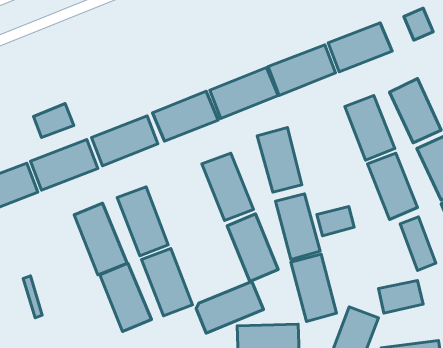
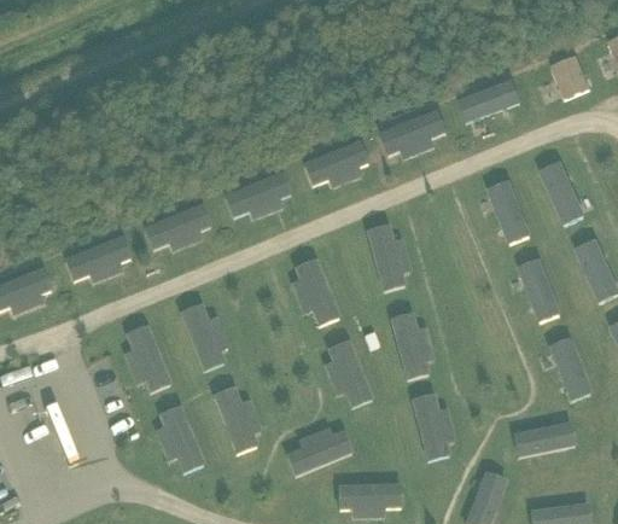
building: [34,104,74,138] -> none
building: [317,206,354,236] -> none

